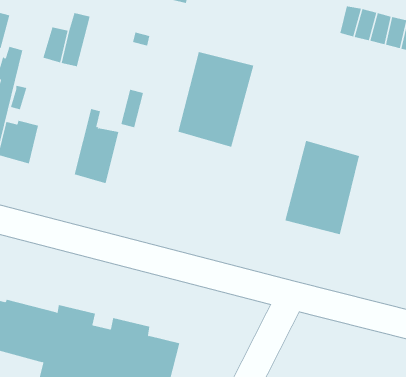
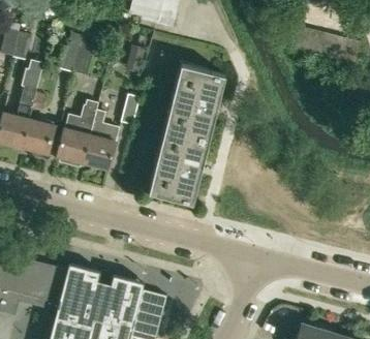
building: none -> [57,98,98,164]
building: [285,140,360,235] -> [149,127,209,203]

